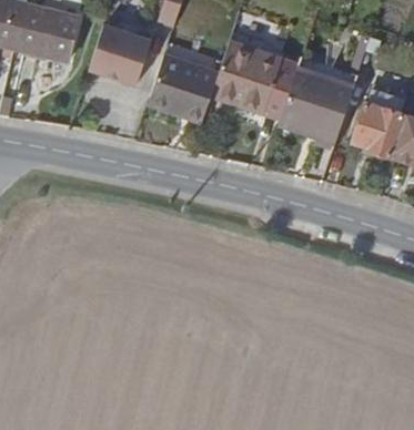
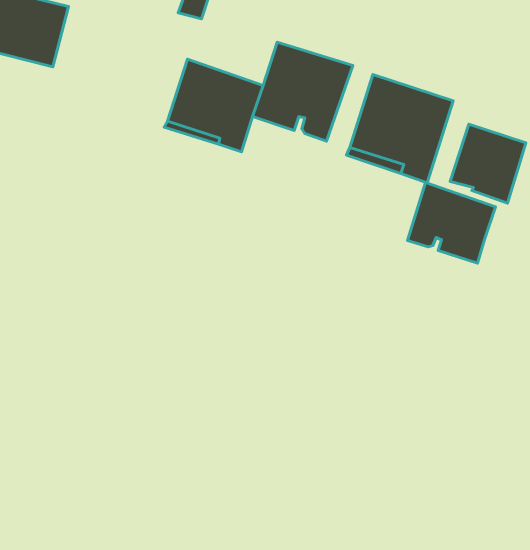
building: [89,23,152,84] -> none
building: none -> [408,182,496,263]

